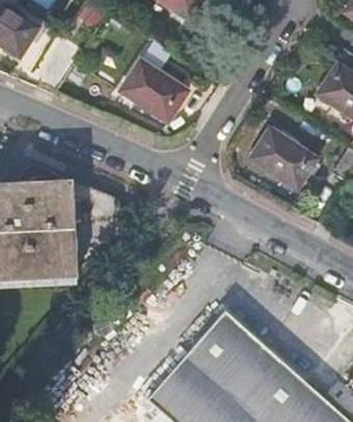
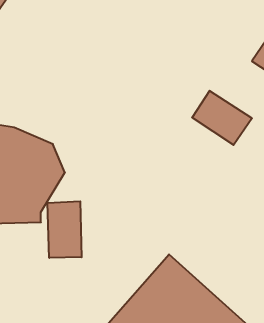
building: [118,59,186,121] -> none
building: none -> [48,201,82,258]

